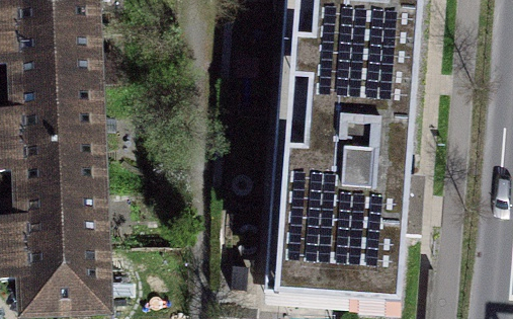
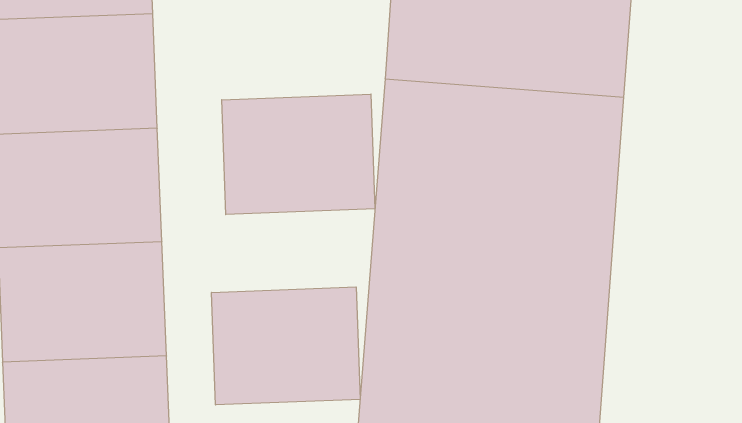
building: none -> [222,94,375,215]
building: none -> [212,287,360,405]

